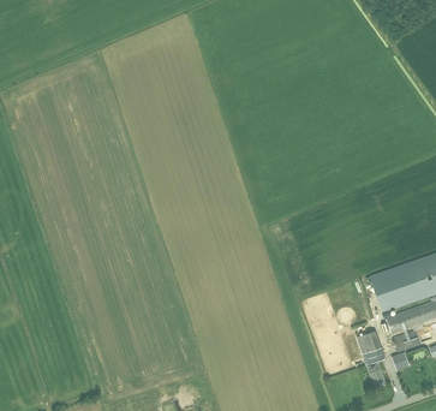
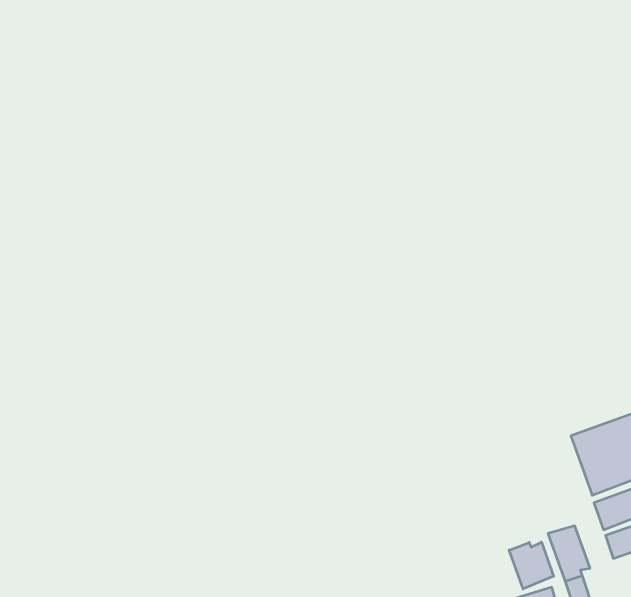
building: none -> [509,542,554,589]

